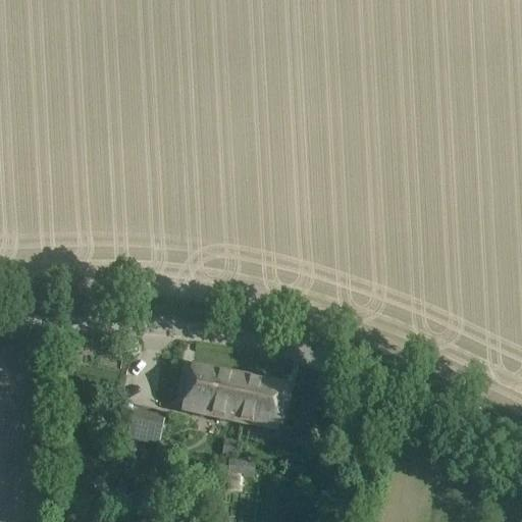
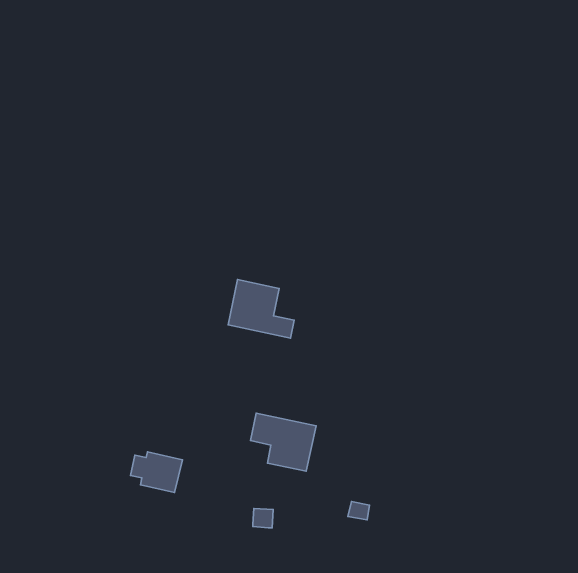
building: [186,364,245,417] -> [228,279,294,338]

